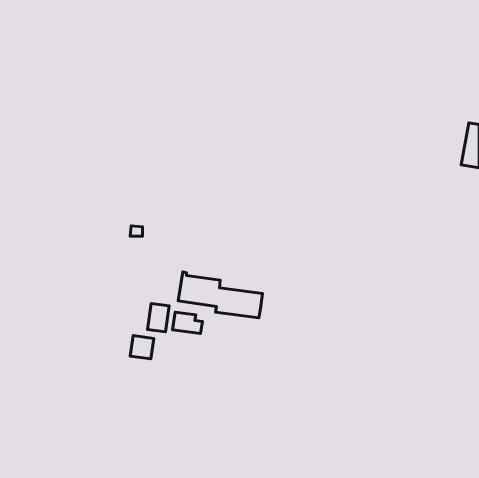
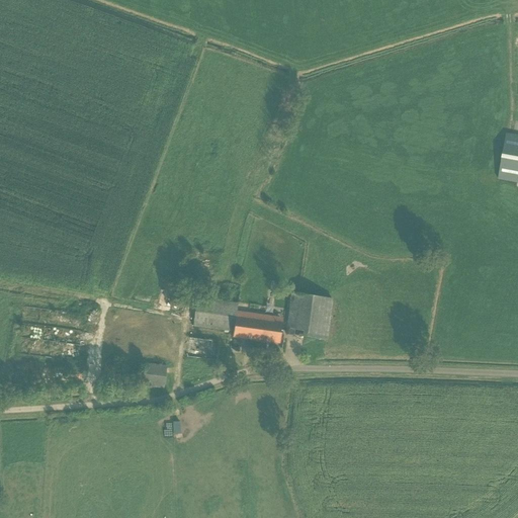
building: none -> [285,292,332,339]
building: [148,303,169,332] -> none

